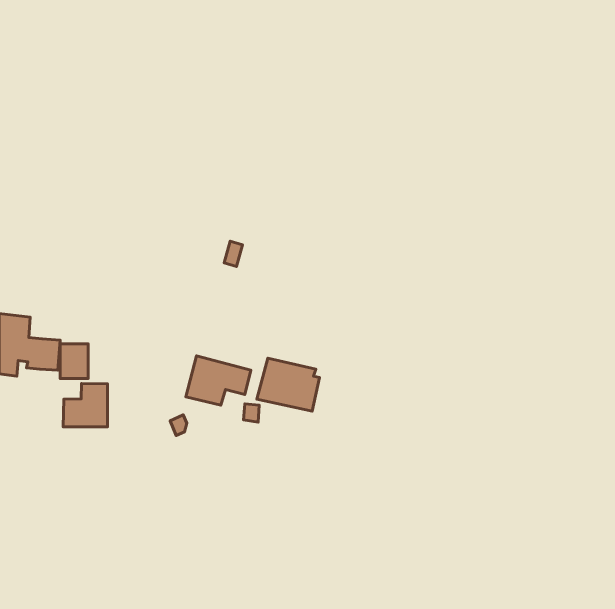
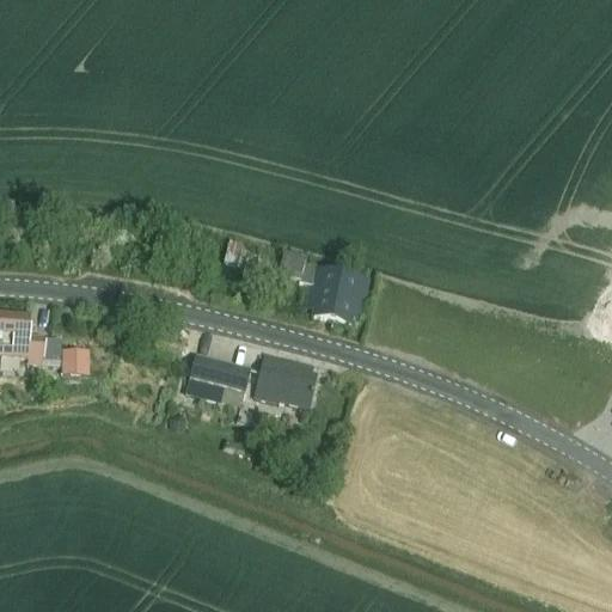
building: none -> [276,250,366,322]
building: [63,384,108,427] -> none

